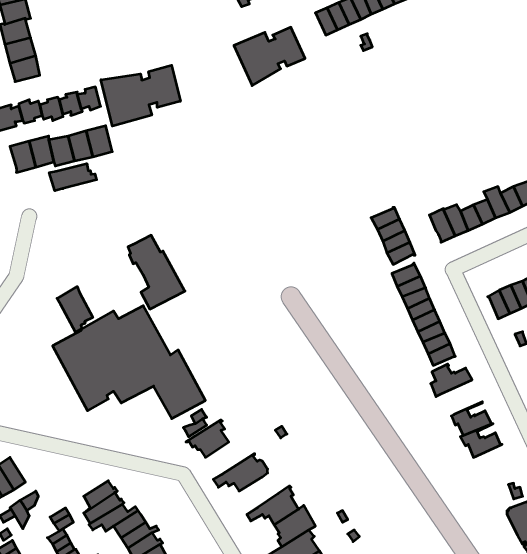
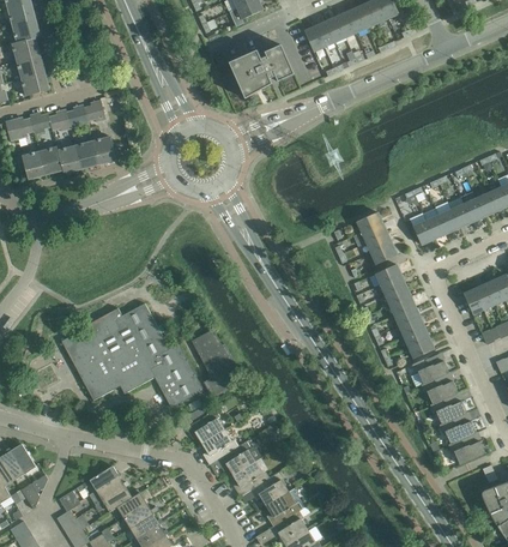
building: [101,65,180,126] -> none
building: [49,164,97,191] -> none
building: [128,235,185,309] -> [190,329,243,397]
building: [57,287,93,332] -> none
building: none -> [419,371,458,403]
building: none -> [201,428,237,464]
building: none -> [447,431,485,464]
building: none -> [232,461,268,497]

